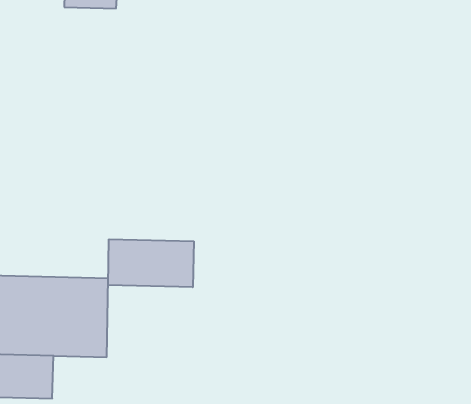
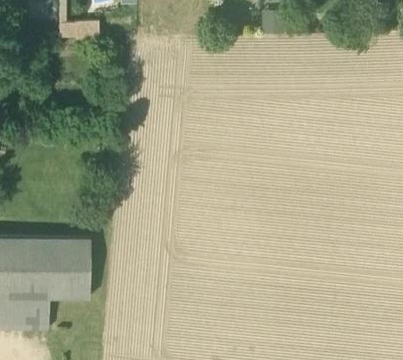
building: [108,239,194,287] -> none

